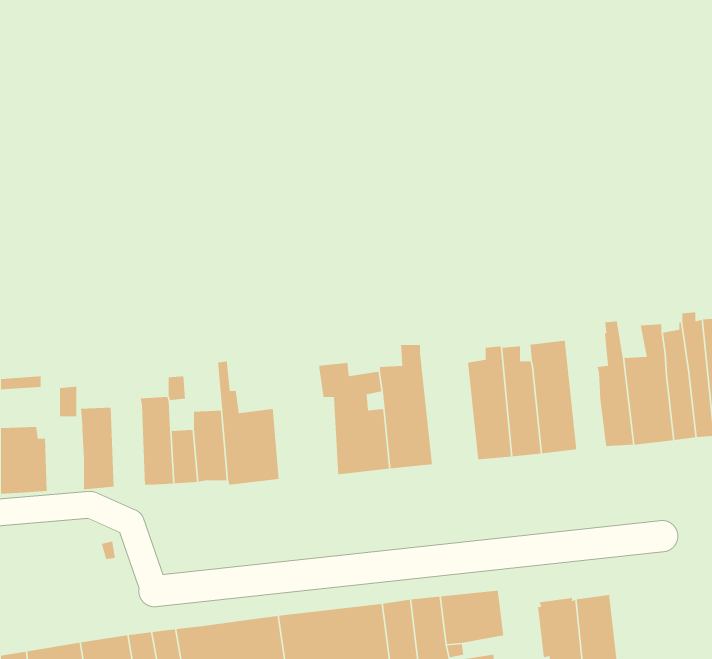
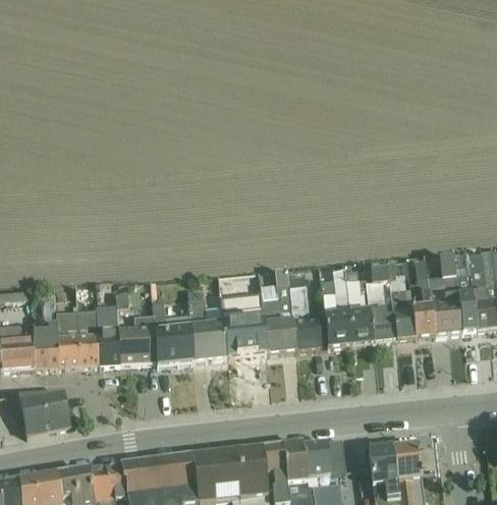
building: none -> [388,261,416,342]
building: none -> [289,275,320,352]
building: none -> [187,290,226,362]
building: none -> [77,312,100,368]
building: none -> [33,325,58,371]
building: none -> [18,393,71,437]

